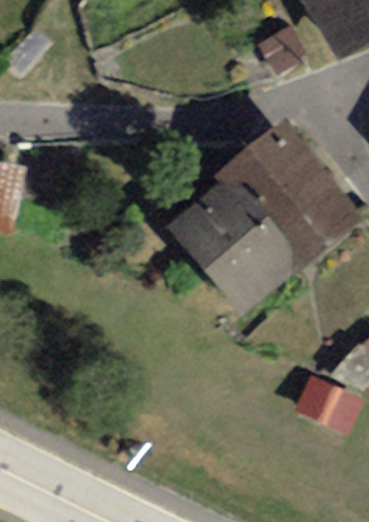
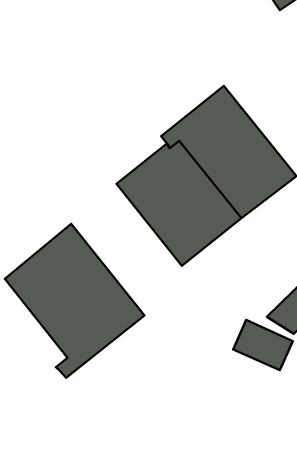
building: none -> [5,224,145,378]

